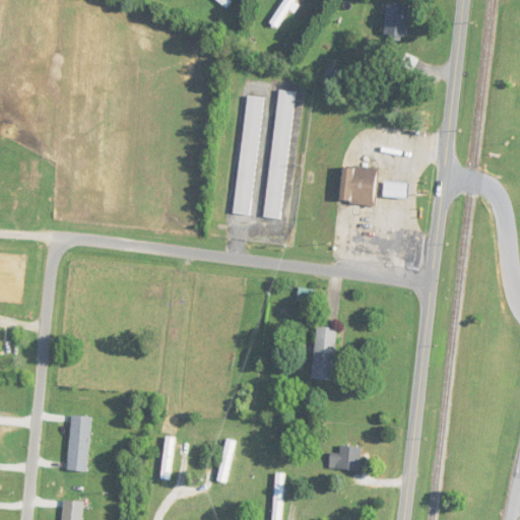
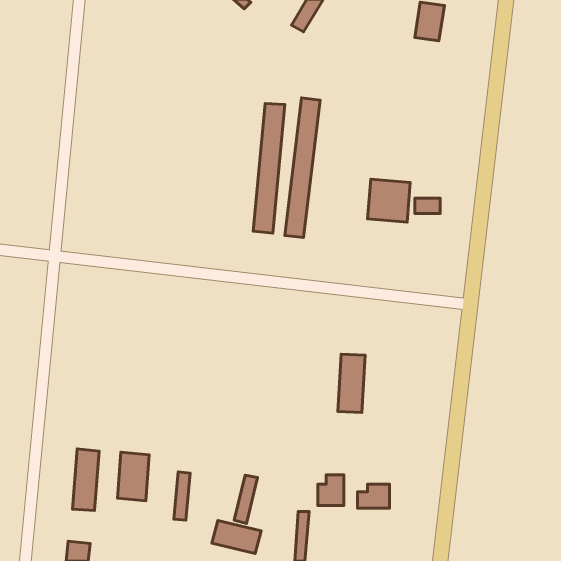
building: none -> [118,452,149,501]
building: none -> [318,475,344,505]
building: none -> [212,521,261,553]

